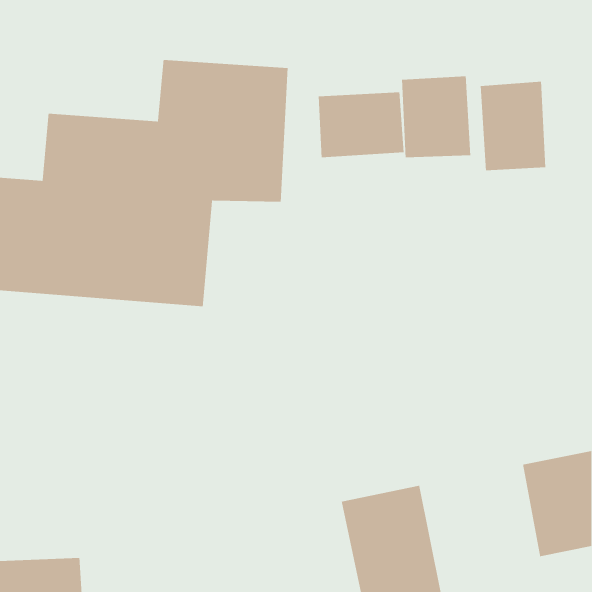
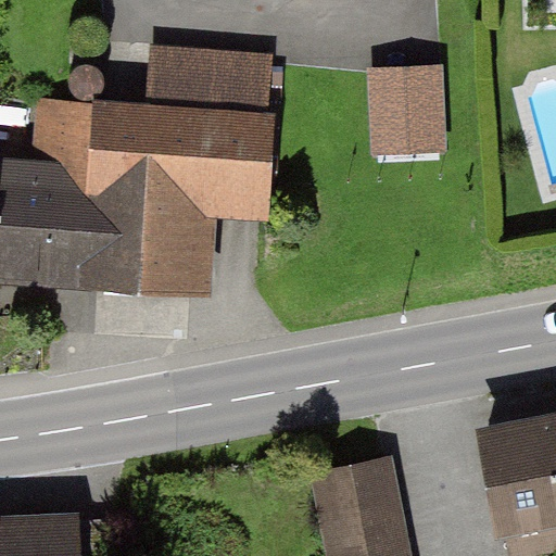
building: [480,81,546,171] -> none
building: [318,92,404,158] -> none

